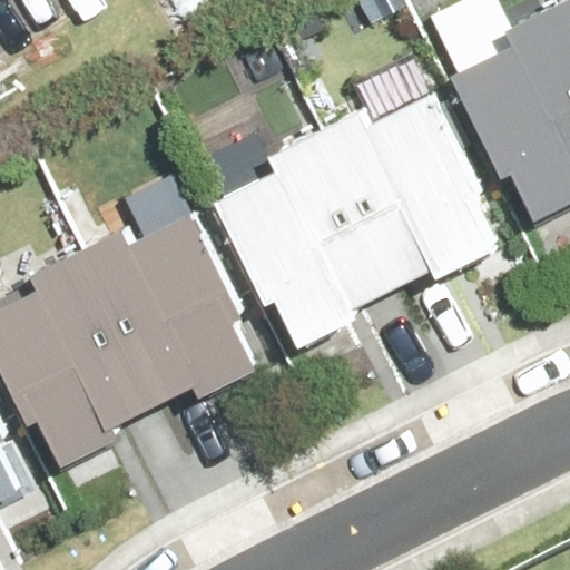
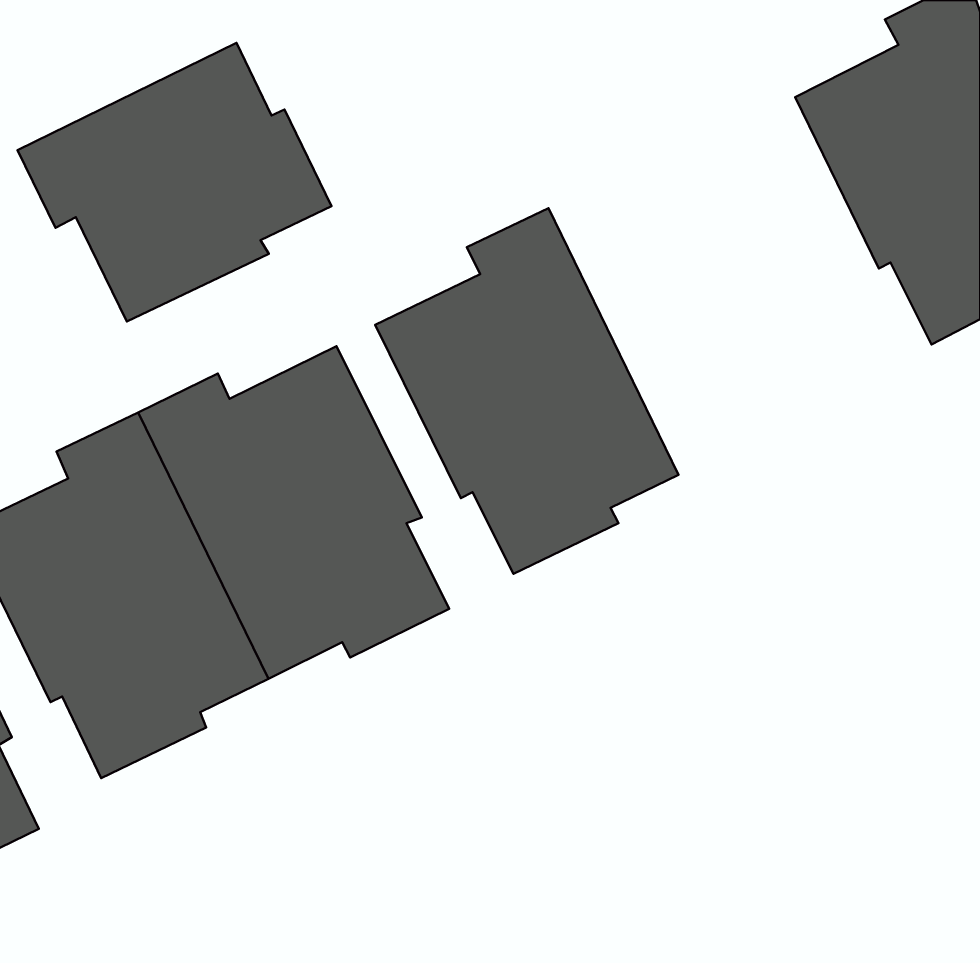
building: none -> [17,43,332,322]
building: [314,99,492,289] -> none

